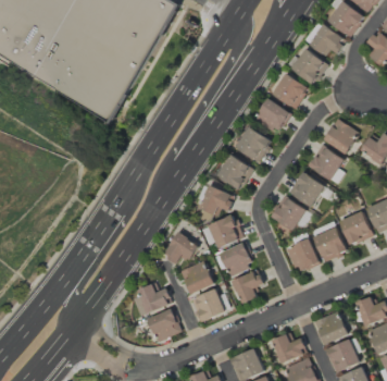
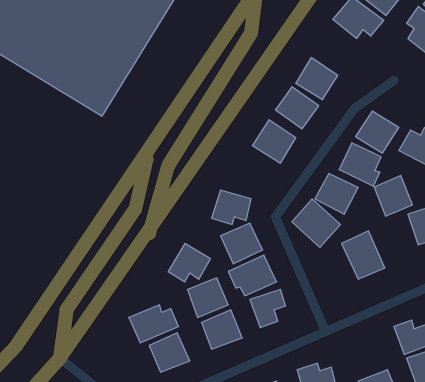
building: [291,48,328,84] -> none
building: [216,153,253,189] -> none
building: [340,210,373,245] -> [374,176,412,216]
building: [287,238,320,272] -> none
building: [314,311,348,344] -> none

